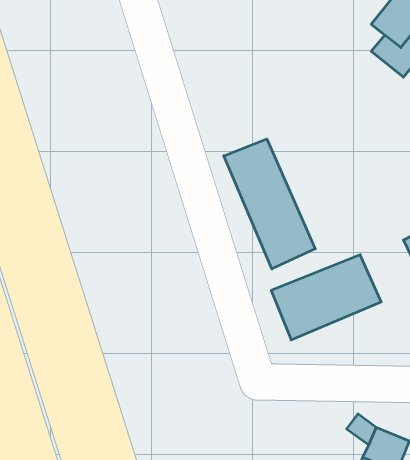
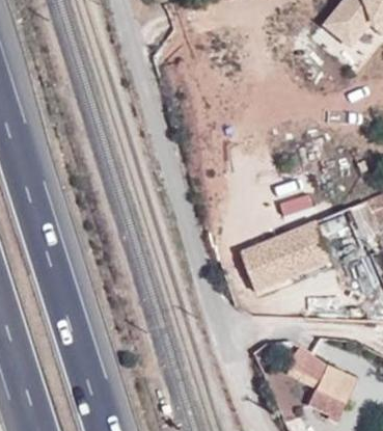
building: [224,139,315,269] -> none

